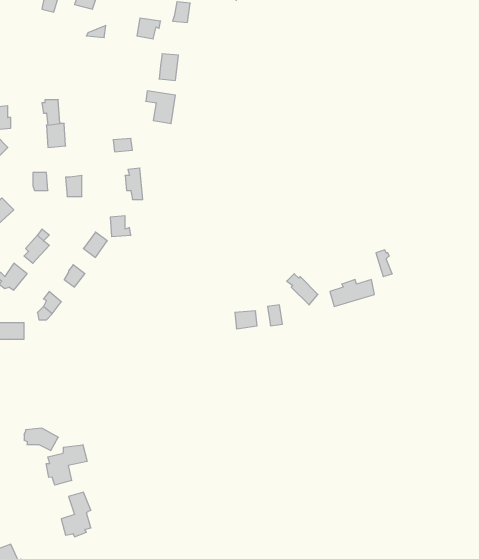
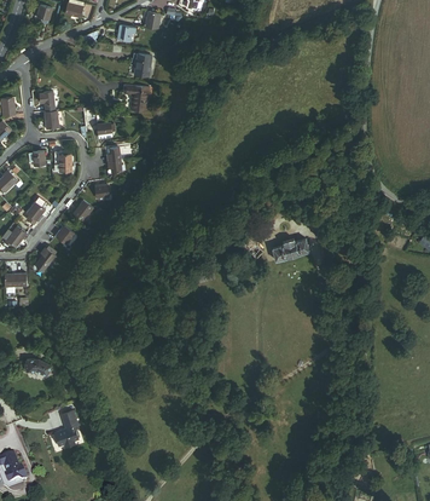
building: [46,445,87,485] -> none

